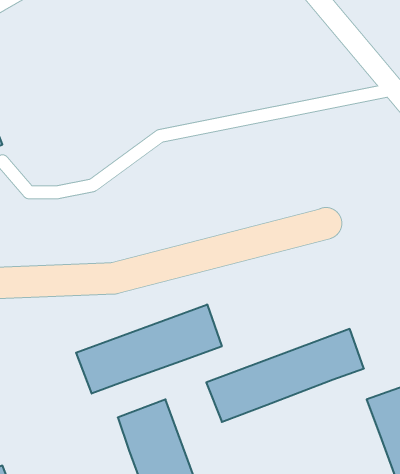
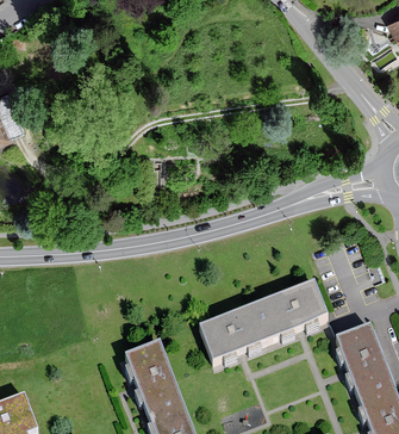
building: [76,304,222,394] -> none

